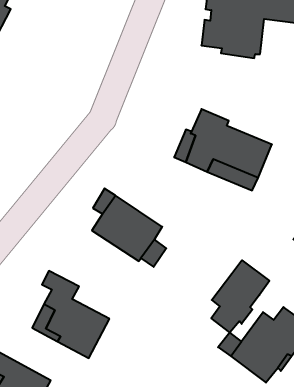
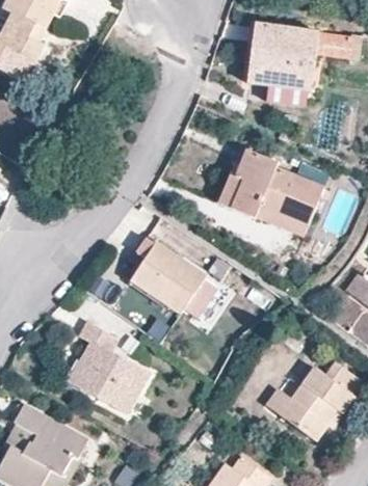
building: [211,260,269,333] -> none

